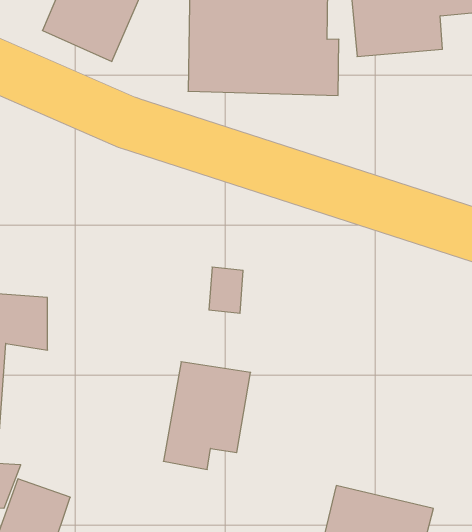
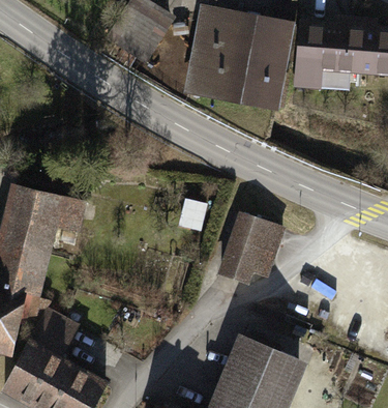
building: [163,362,251,469] -> [220,214,282,283]

